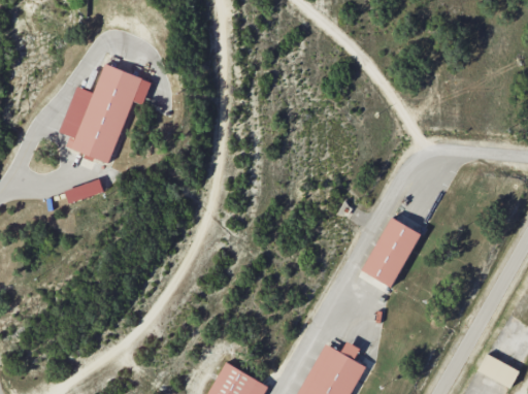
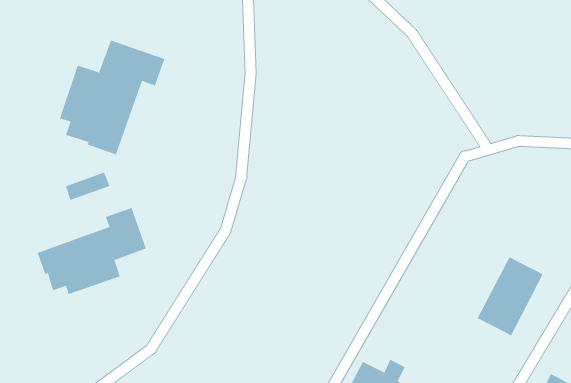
building: none -> [37,207,147,295]
building: [362,219,420,288] -> [477,256,544,336]

